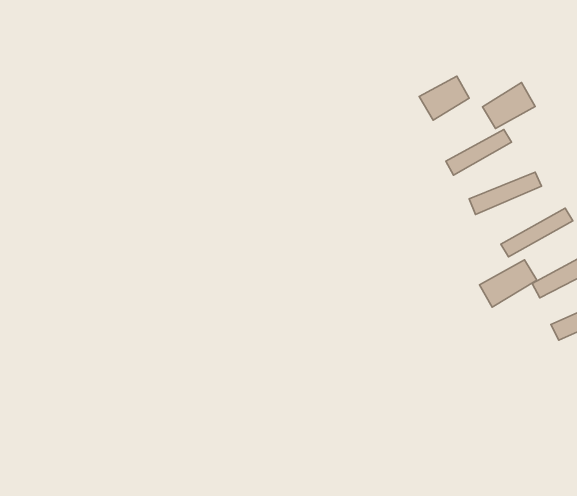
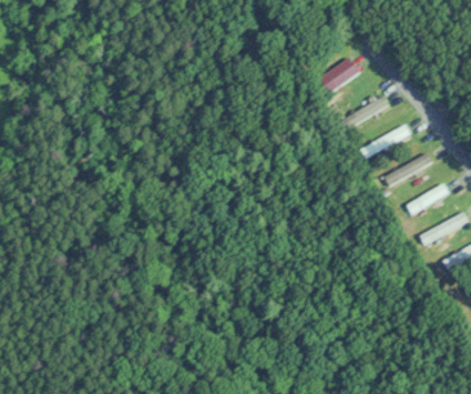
building: [482,82,535,129] -> none
building: [479,260,537,307] -> none

